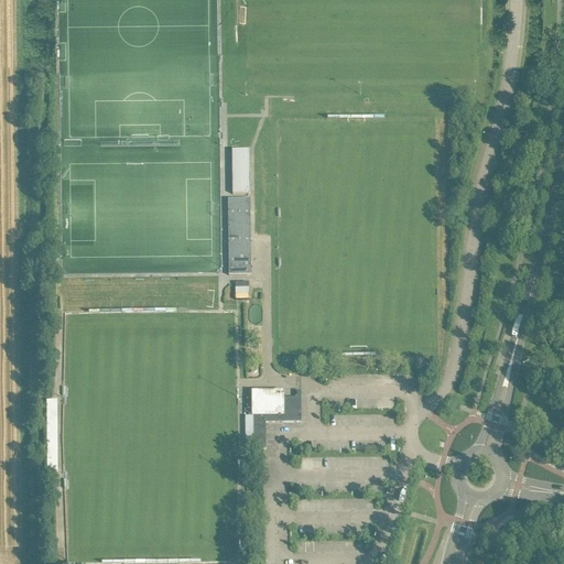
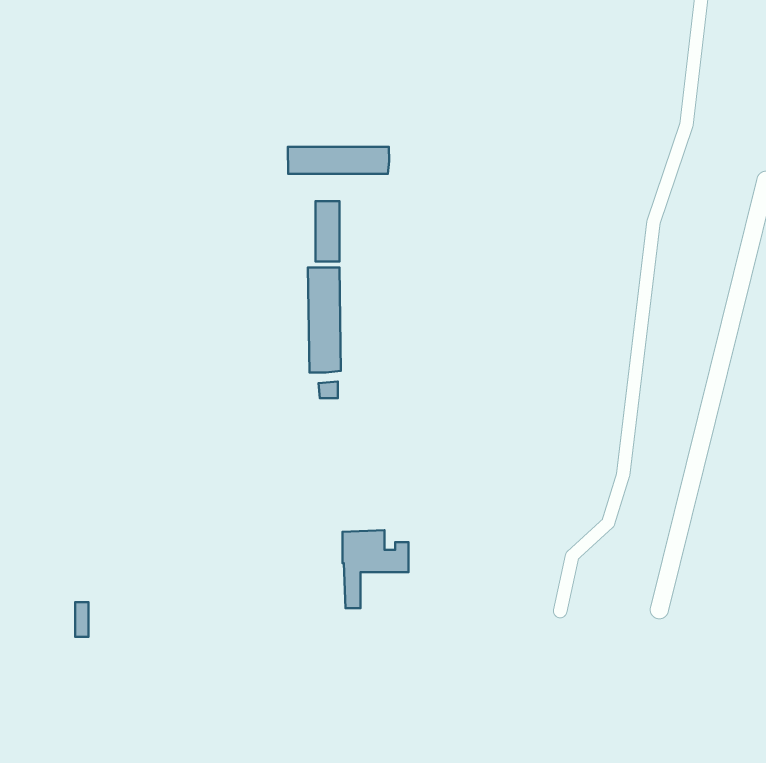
building: none -> [288,147,389,174]

